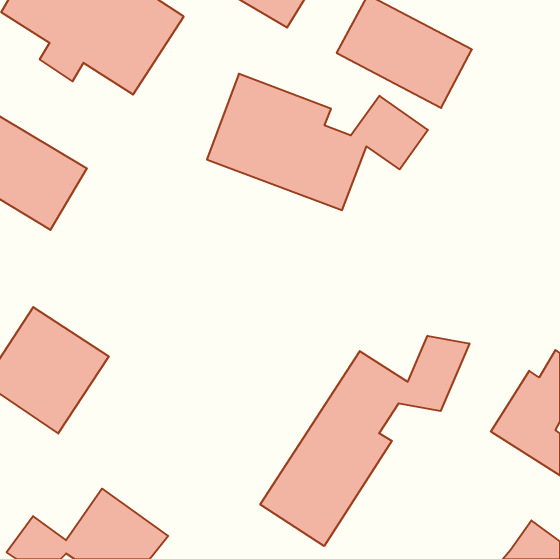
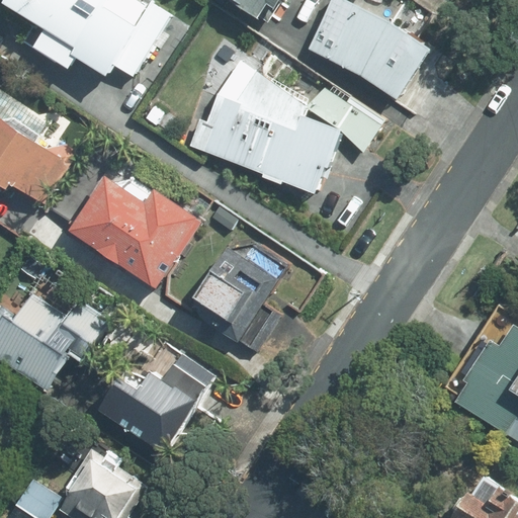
building: none -> [63,169,198,288]
building: none -> [188,240,294,342]
building: [260,336,469,546] -> none
building: none -> [90,347,215,459]

